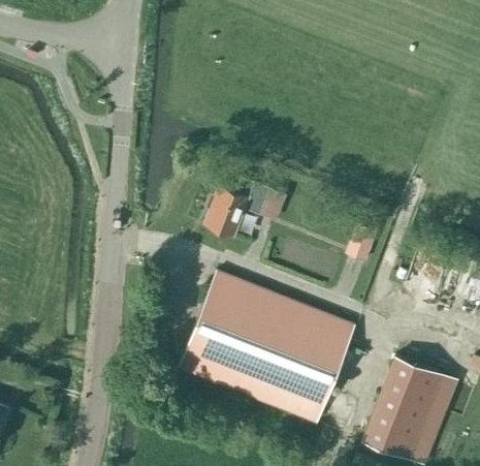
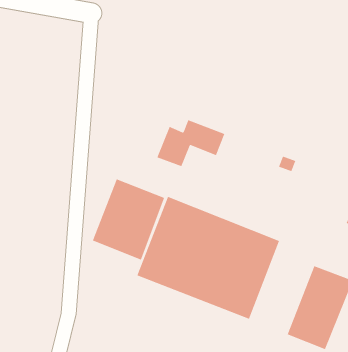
building: none -> [92,178,165,260]

